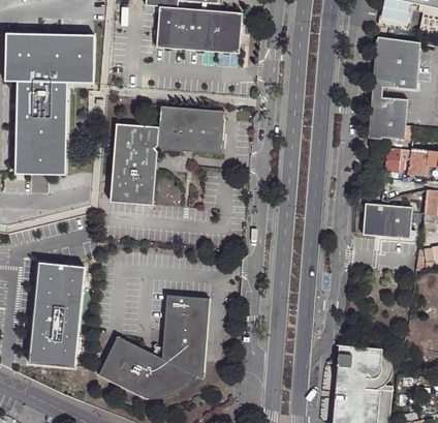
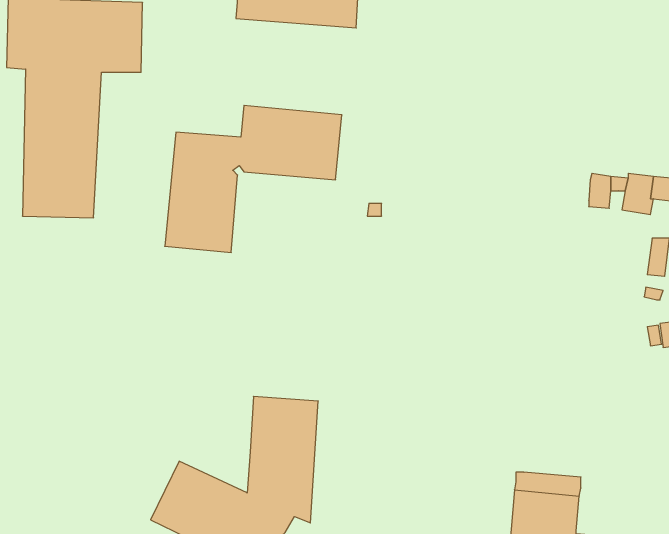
building: [373,40,420,91] -> none
building: [369,98,408,141] -> none
building: [362,204,412,240] -> none
building: [29,264,83,372] -> none

